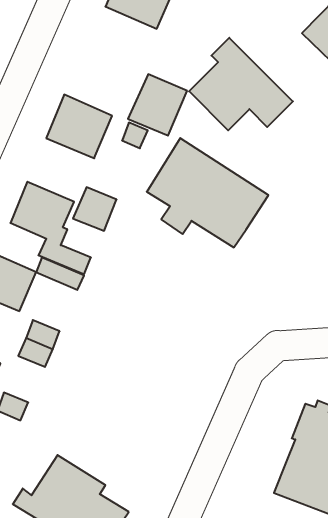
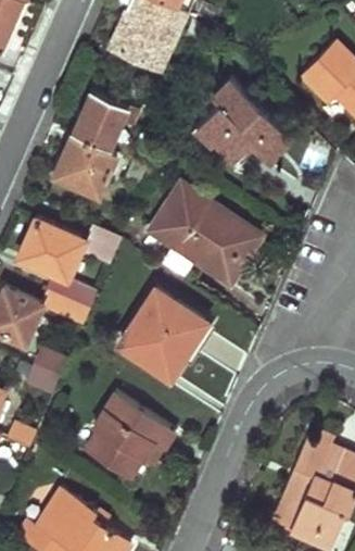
building: [128,74,187,136] -> [71,92,128,152]
building: none -> [123,288,206,375]
building: none -> [86,391,175,478]

